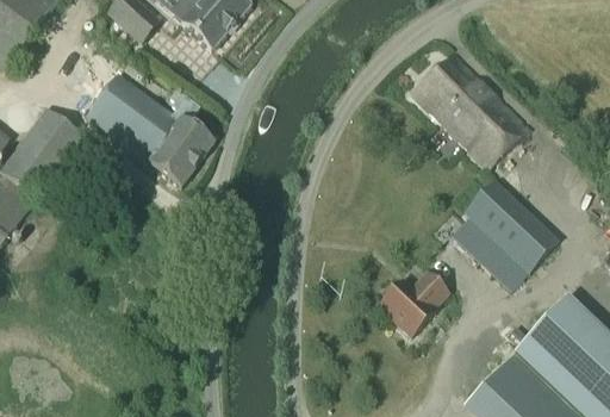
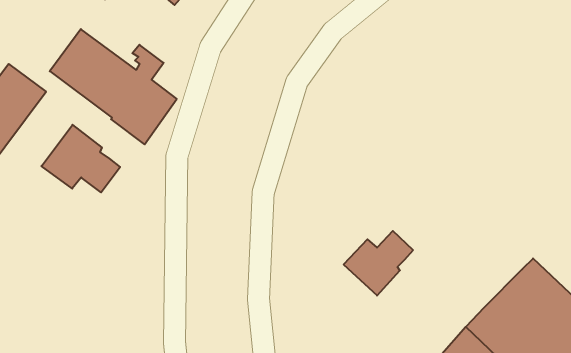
building: [412,50,527,167] -> none
building: none -> [41,125,120,192]
building: [452,182,556,290] -> none

